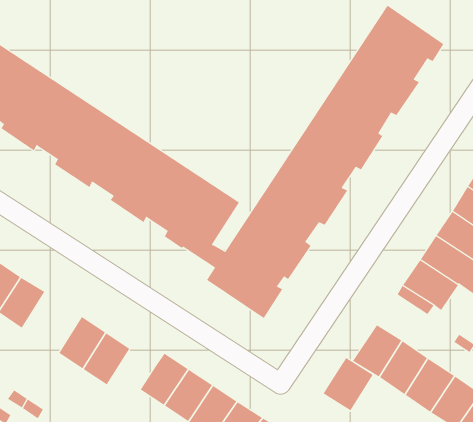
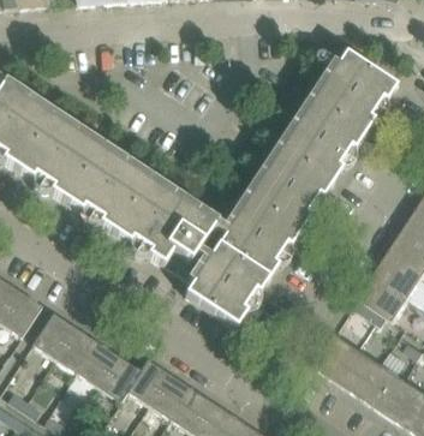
building: none -> [31,311,73,358]
building: none -> [96,354,139,401]
building: [323,357,374,411] -> none

